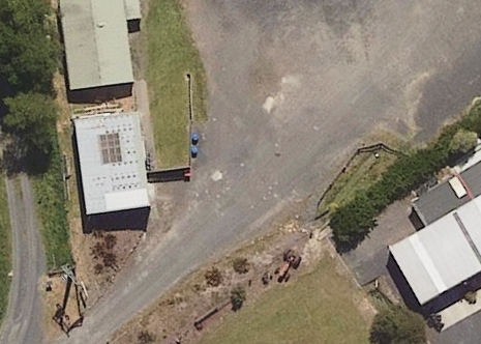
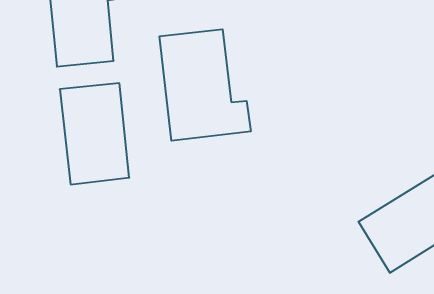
building: none -> [160,29,251,141]

